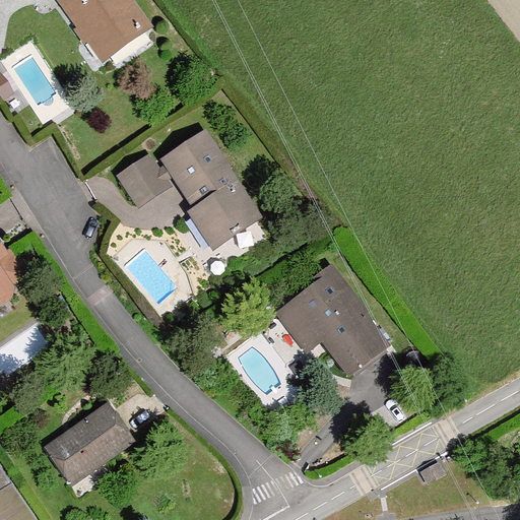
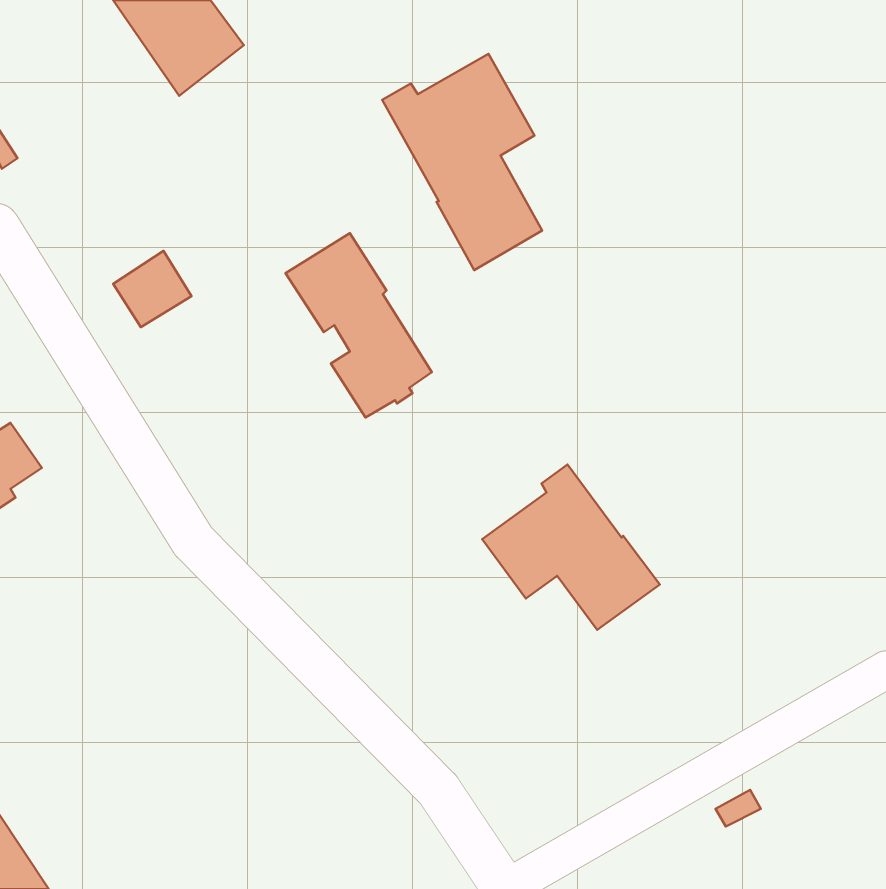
building: none -> [382,54,542,270]
building: [120,158,166,203] -> [113,251,191,327]
building: [48,409,127,481] -> none

